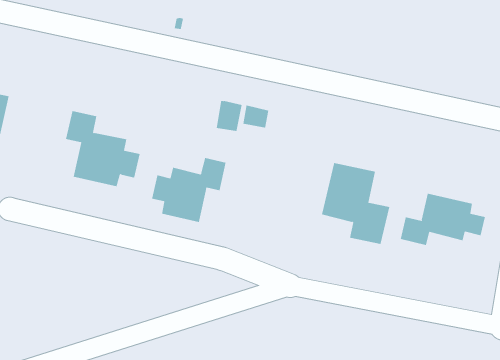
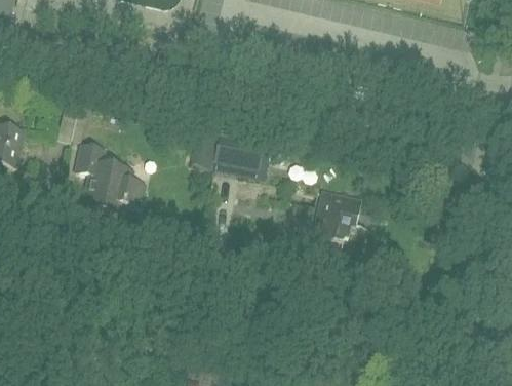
building: [152,157,226,223] -> none
building: [400,193,486,246] -> none

